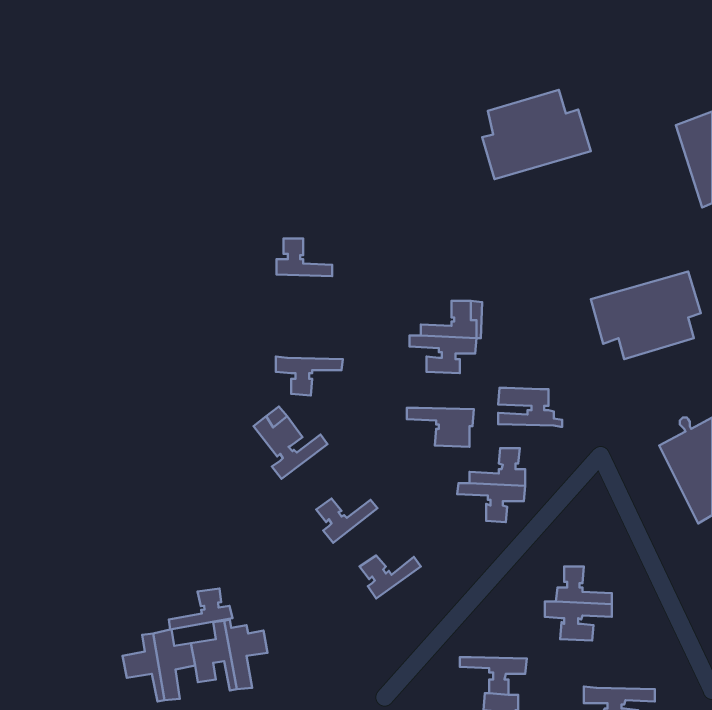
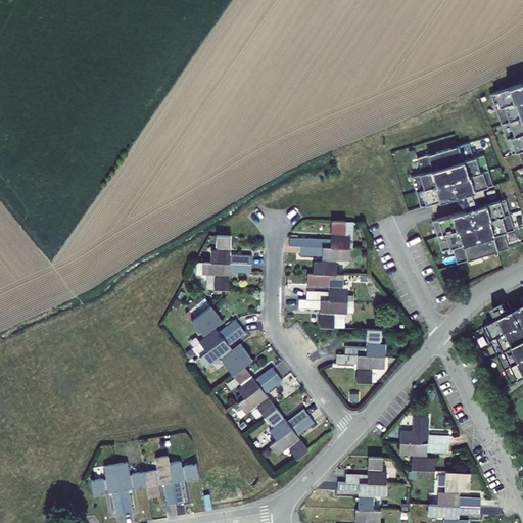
building: [482,90,591,179] -> [414,141,493,206]
building: [277,238,332,276] -> [210,237,251,265]
building: [498,388,562,427] -> [306,274,353,302]
building: none -> [199,327,251,375]
building: none -> [238,374,282,417]
building: none -> [270,417,314,460]
building: [169,588,233,629] -> none
building: none -> [345,457,386,484]
building: none -> [437,472,480,507]

